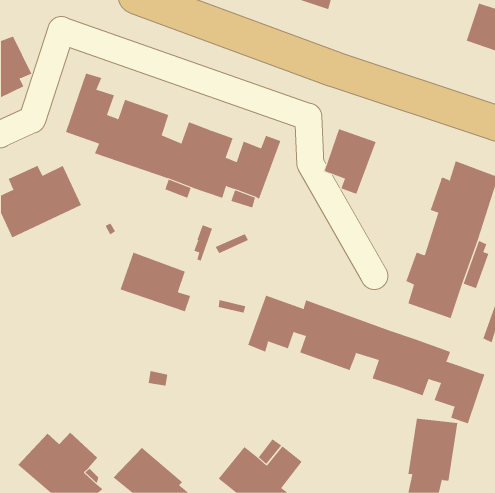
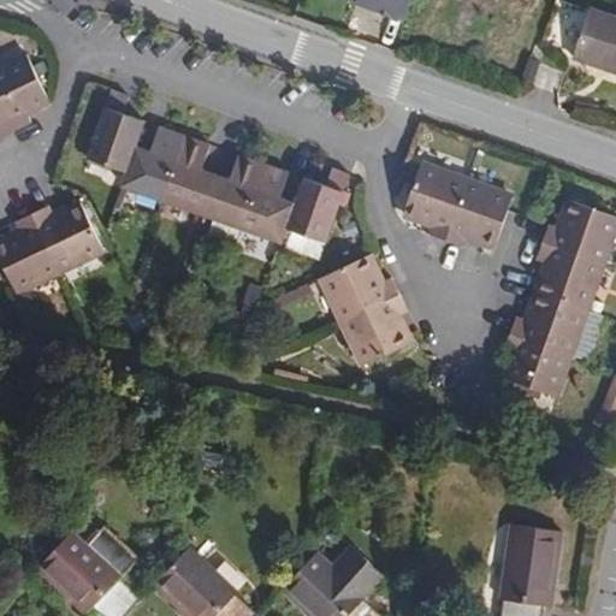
building: none -> [444,176,514,247]
building: none -> [318,254,413,368]
building: [120,252,191,312] -> none
building: [248,295,485,424] -> none

